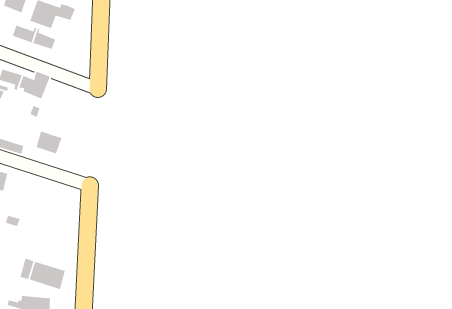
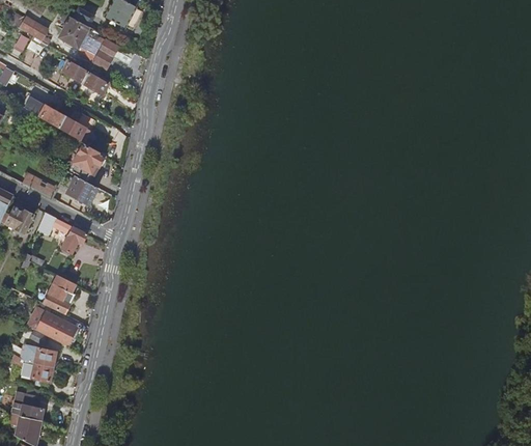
building: none -> [73,145,104,183]
building: none -> [37,212,87,253]
building: none -> [44,274,76,313]

